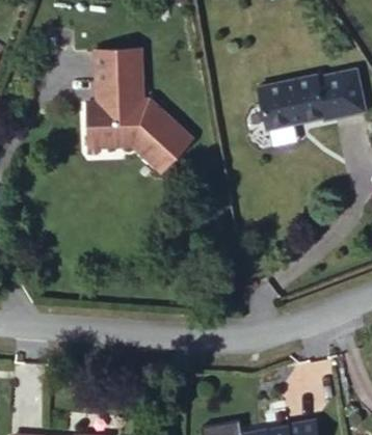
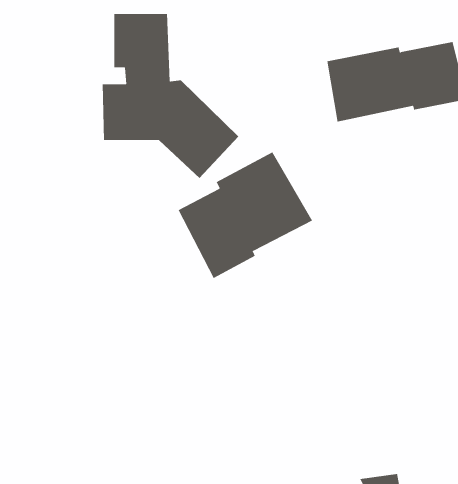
building: none -> [178,152,313,279]

